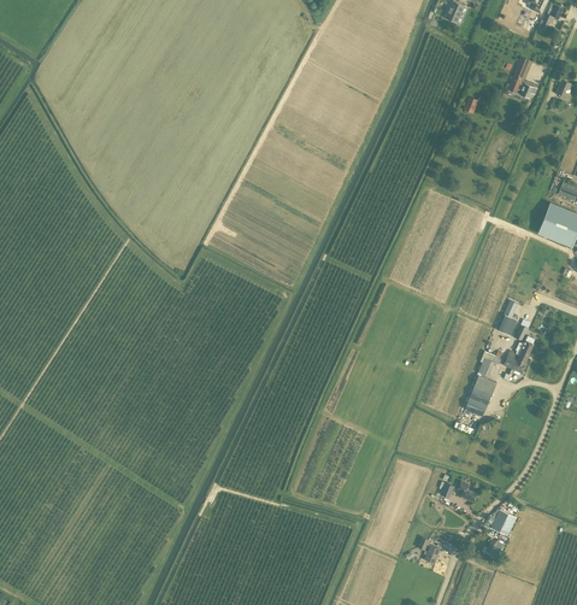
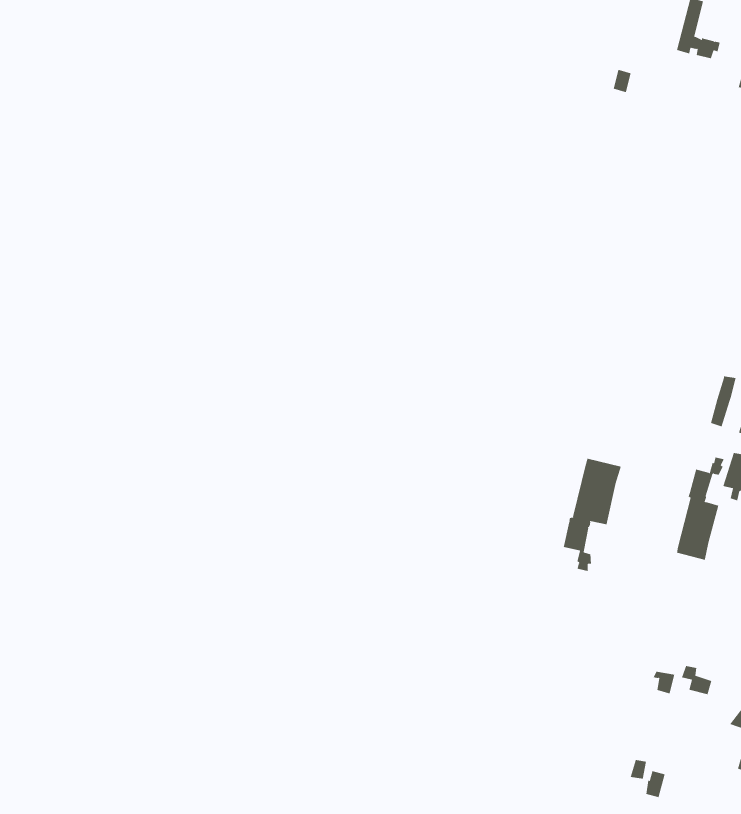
building: none -> [563,458,622,572]

